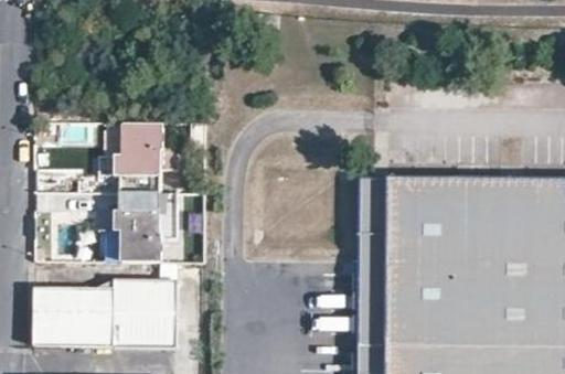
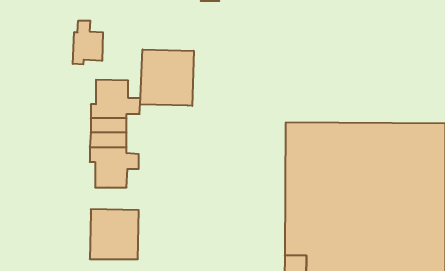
building: none -> [73,21,103,64]
building: none -> [140,49,194,106]
building: [35,290,115,348] -> none

